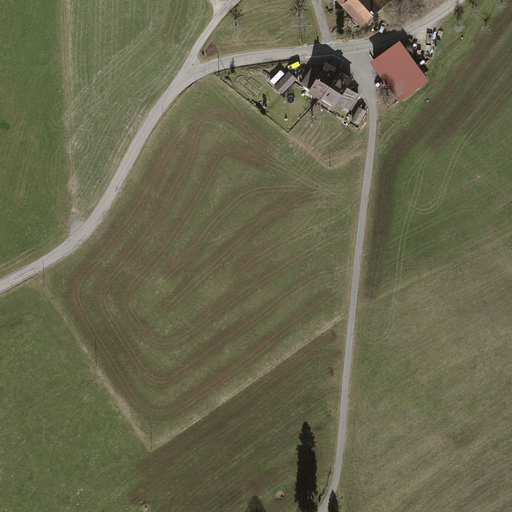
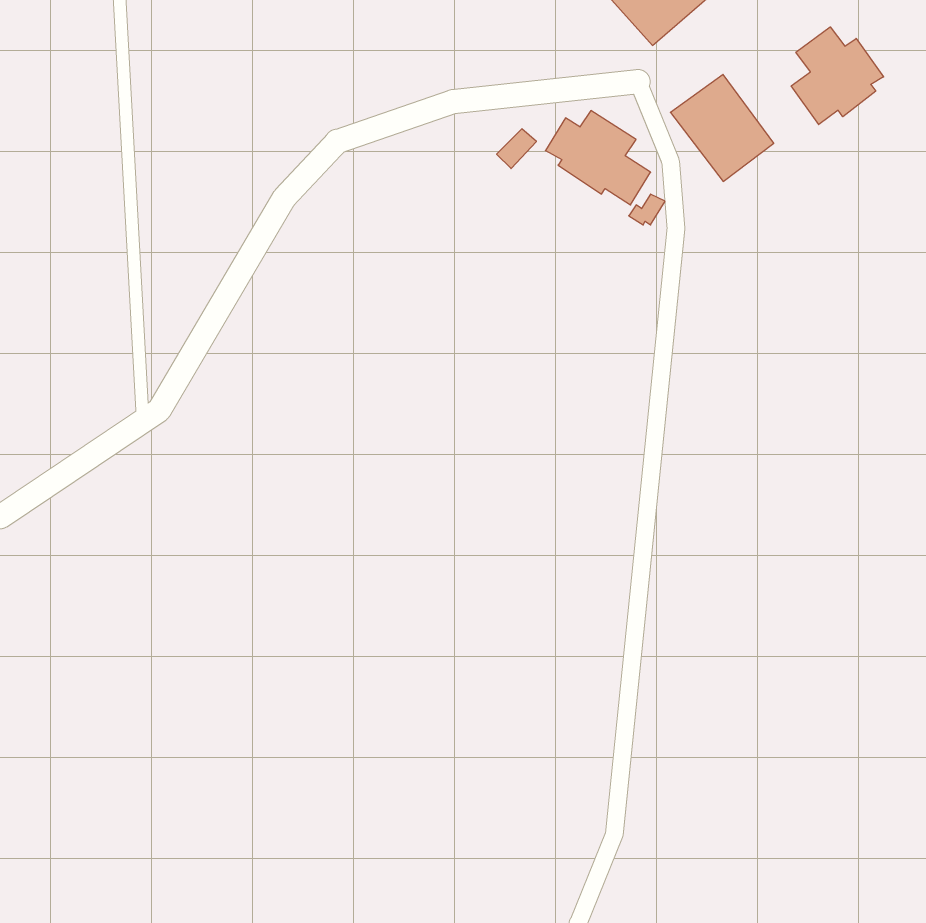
building: none -> [791,27,884,125]

